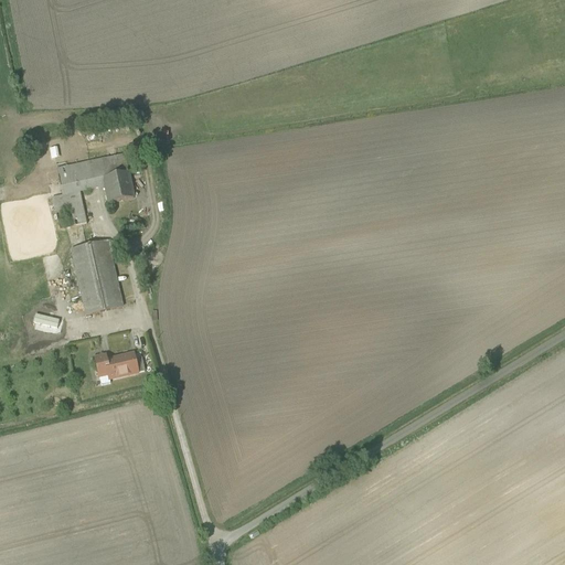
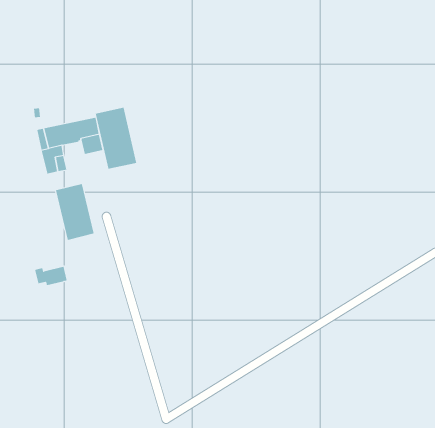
building: none -> [95,107,137,170]
building: [95,351,138,376] -> [34,266,68,286]

